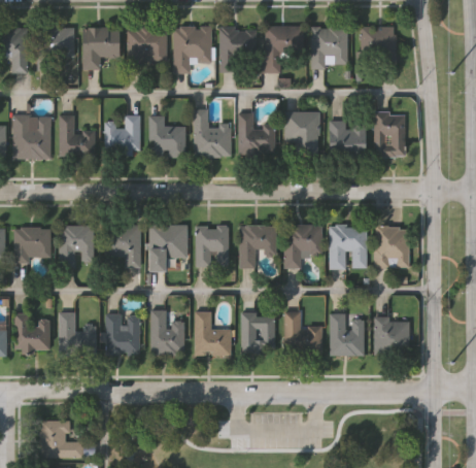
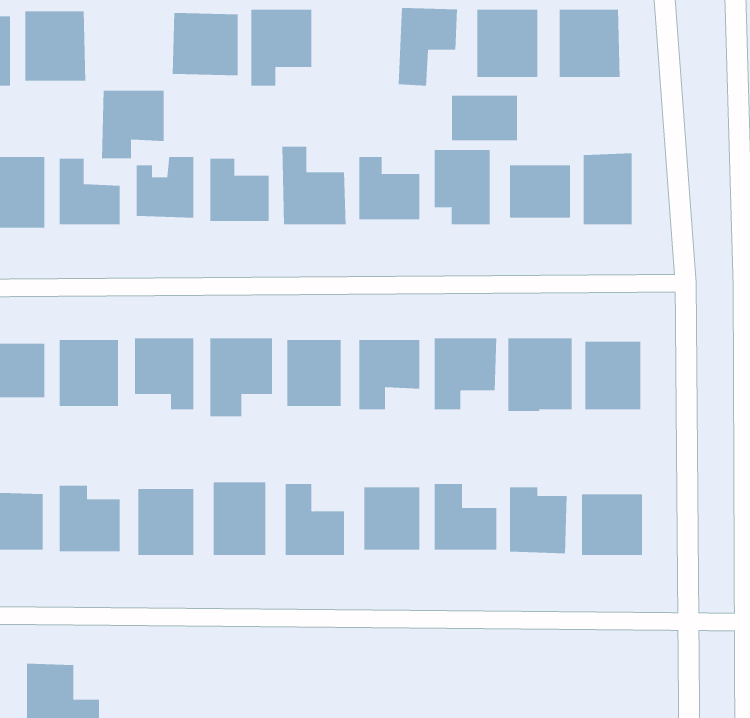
building: [82,27,121,68] -> [101,90,164,159]
building: [219,27,251,66] -> none
building: none -> [452,95,518,141]

